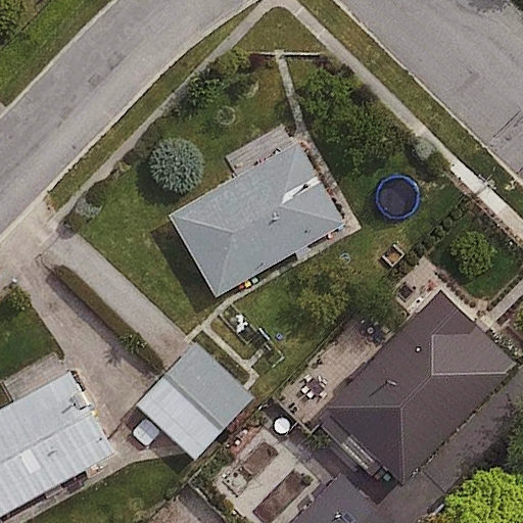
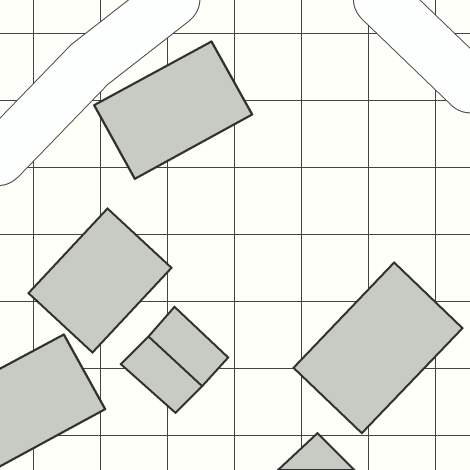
building: [168,145,342,297] -> [94,42,252,179]
building: none -> [28,209,172,353]

